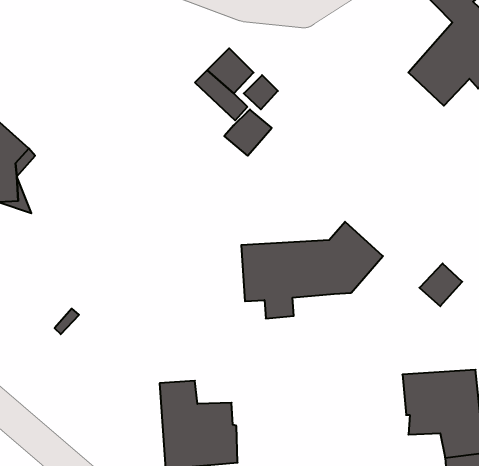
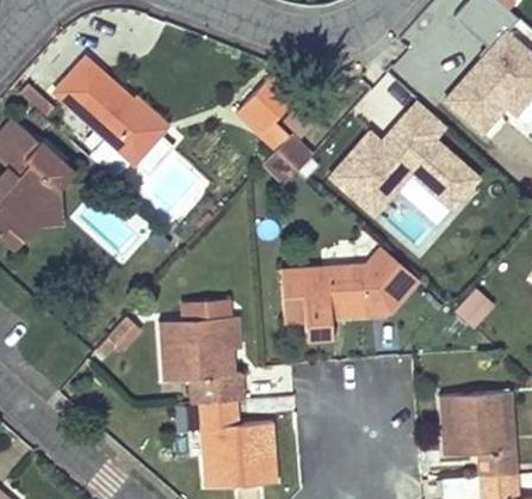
building: none -> [56,61,163,164]
building: none -> [341,103,482,211]
building: none -> [162,316,245,403]

